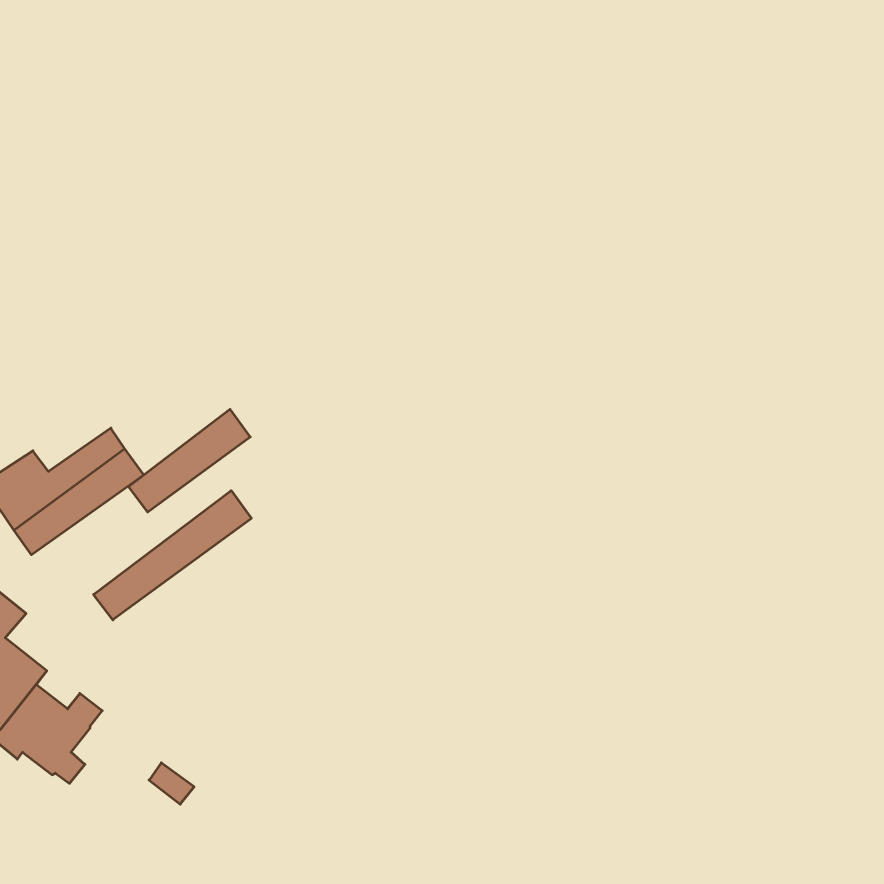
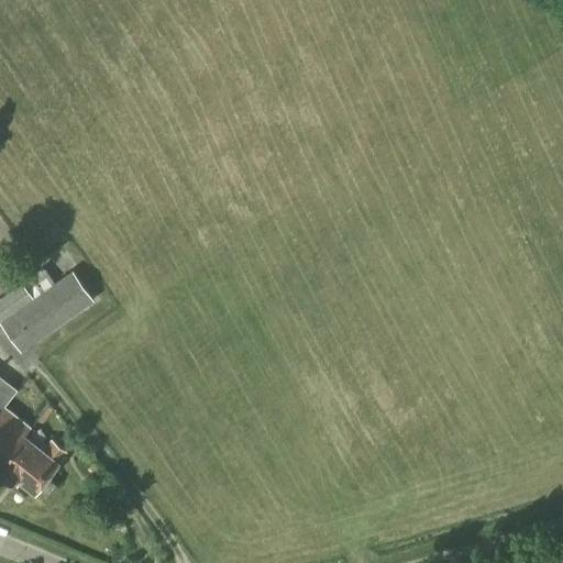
building: [129,409,250,512] -> none
building: [94,491,251,620] -> none

